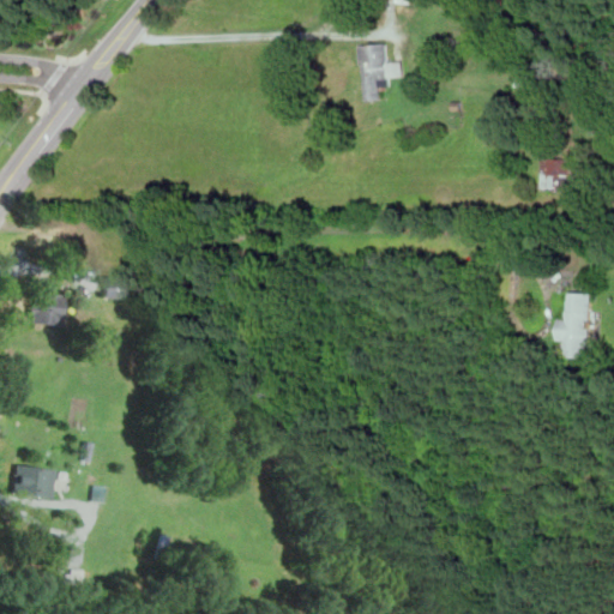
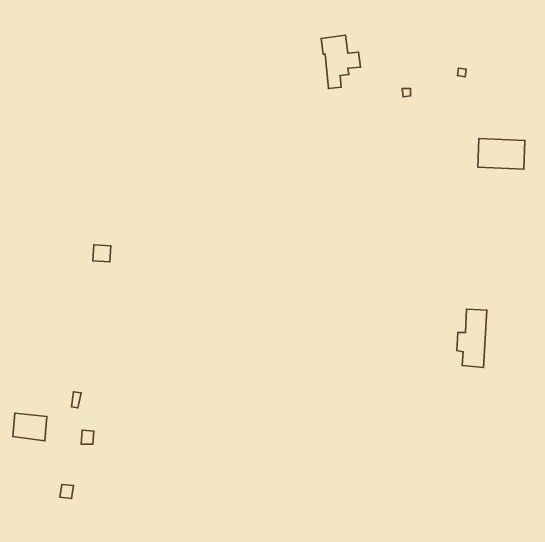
building: [553,293,586,359] -> [457,309,487,368]
building: [32,295,65,325] -> none

